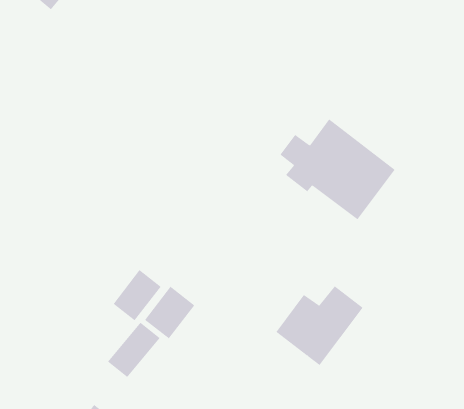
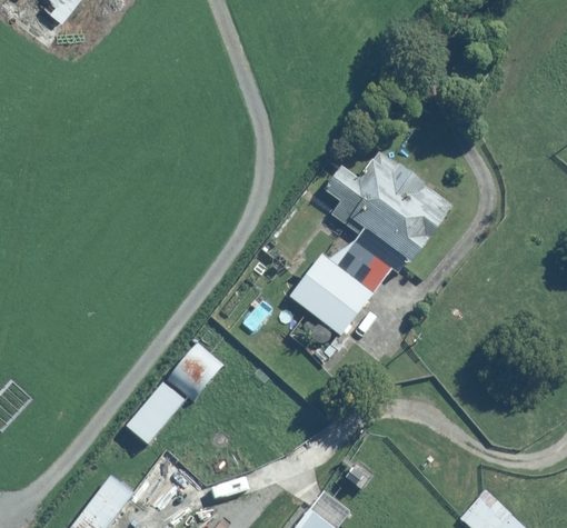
building: [113,269,161,321] -> none
building: [275,285,363,366] -> [288,245,389,337]

